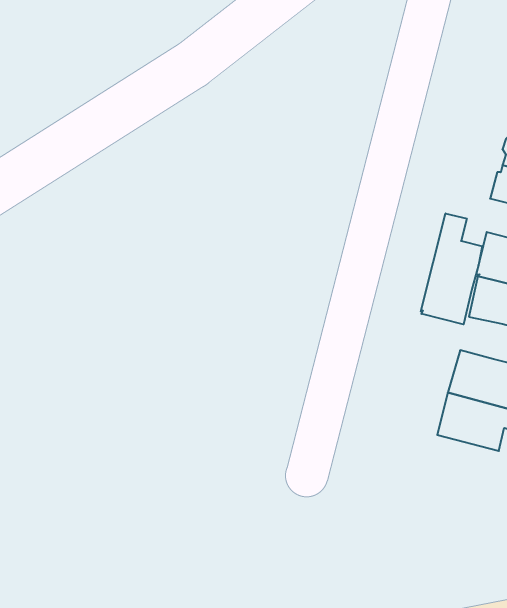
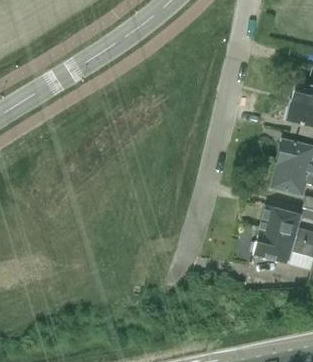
building: [421,213,482,324] -> none

